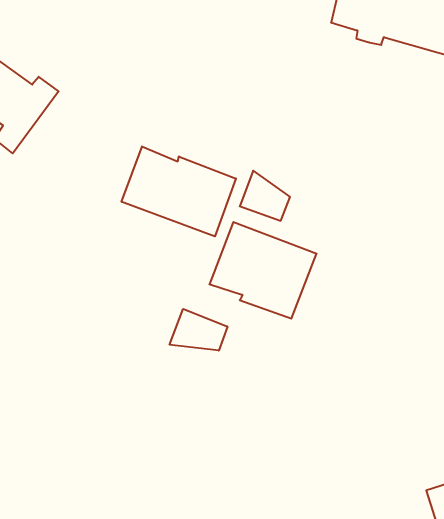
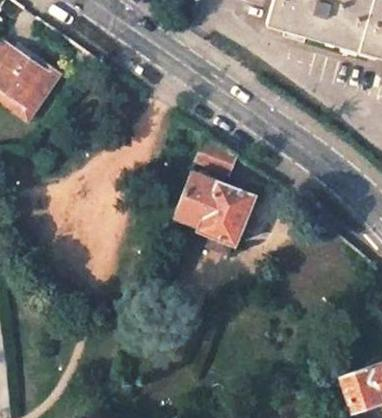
building: [122,146,236,236] -> none
building: [170,309,227,351] -> none

